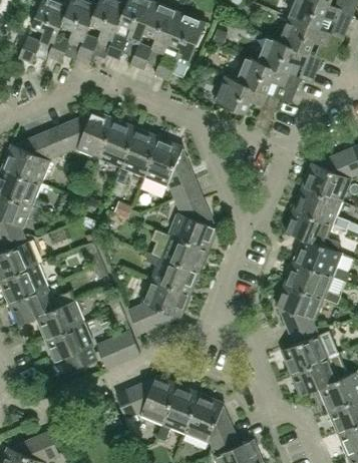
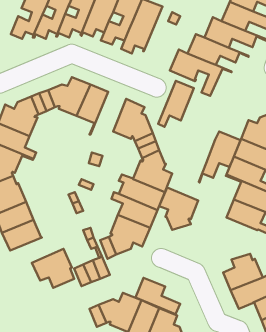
building: [116,127,160,184] -> [158,81,194,127]
building: none -> [199,131,240,182]
building: [275,283,323,335] -> [159,188,198,230]
building: [17,300,83,339] -> none
building: none -> [135,278,180,314]

